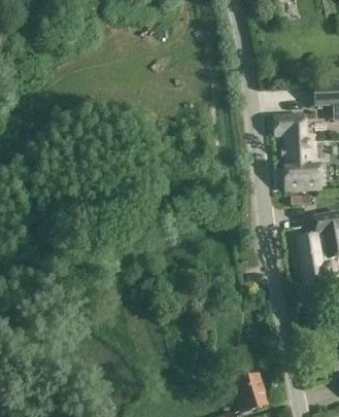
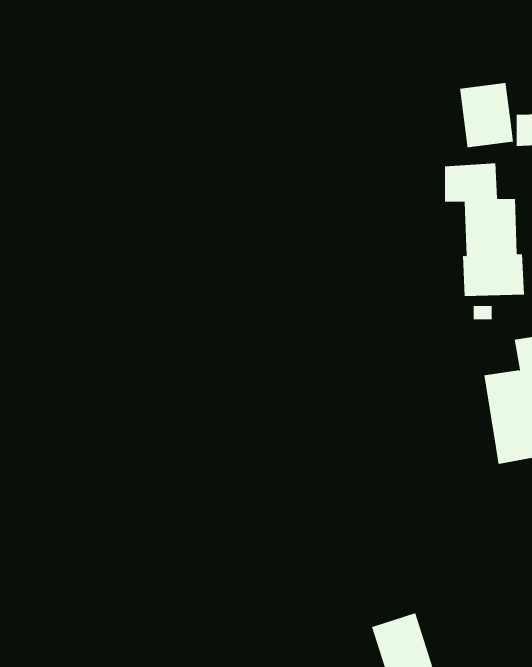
building: none -> [459,82,514,148]

